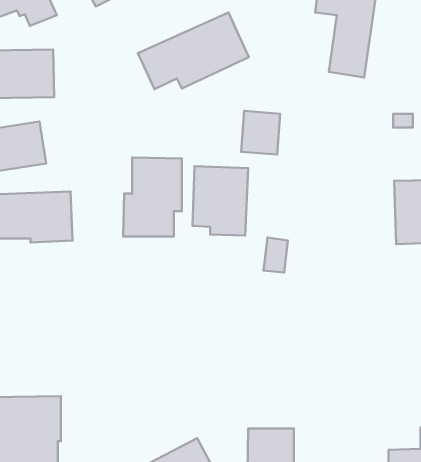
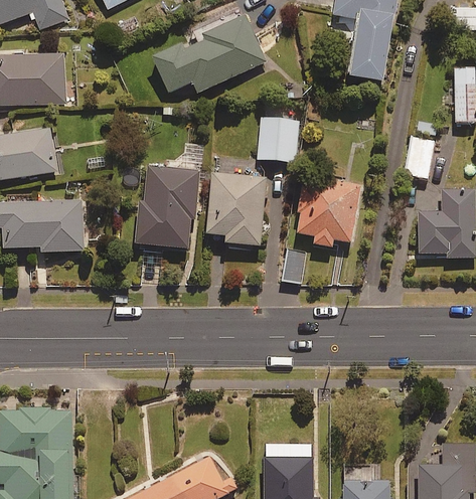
building: none -> [407,138,433,179]
building: none -> [295,176,360,247]

